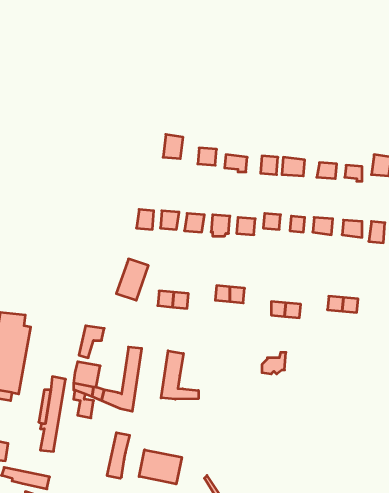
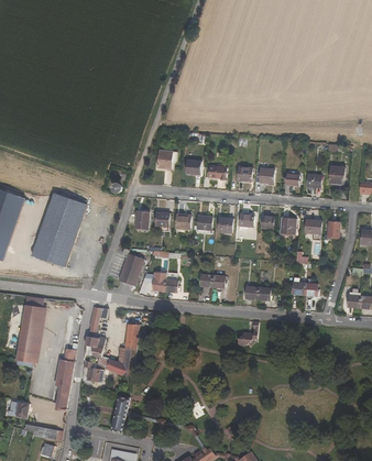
building: none -> [34,195,84,266]
building: [161,351,198,399] -> none
building: [139,450,182,484] -> none

